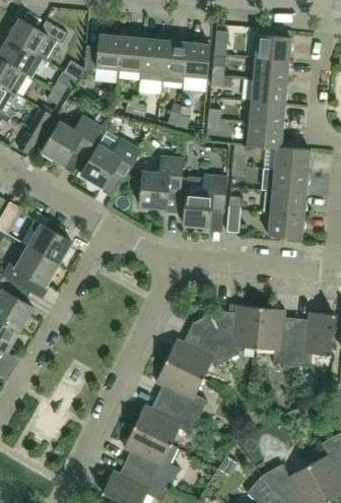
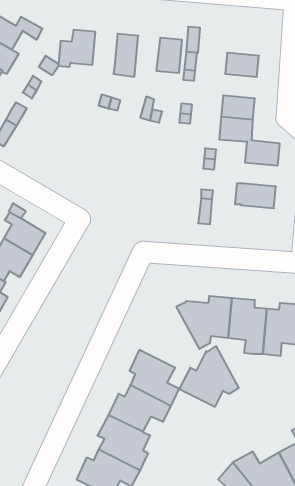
building: [256,34,291,60] -> none
building: [119,36,144,71] -> none
building: [161,40,188,83] -> none
building: [252,78,286,104] -> none
building: [42,116,101,165] -> none
building: [81,131,140,187] -> none
building: [135,156,183,207] -> none
building: [272,169,308,193] -> none
building: [184,175,226,227] -> none
building: [268,212,303,238] -> none
building: [166,316,227,378] -> [179,346,239,407]

